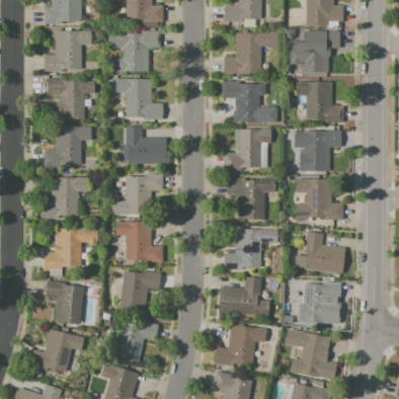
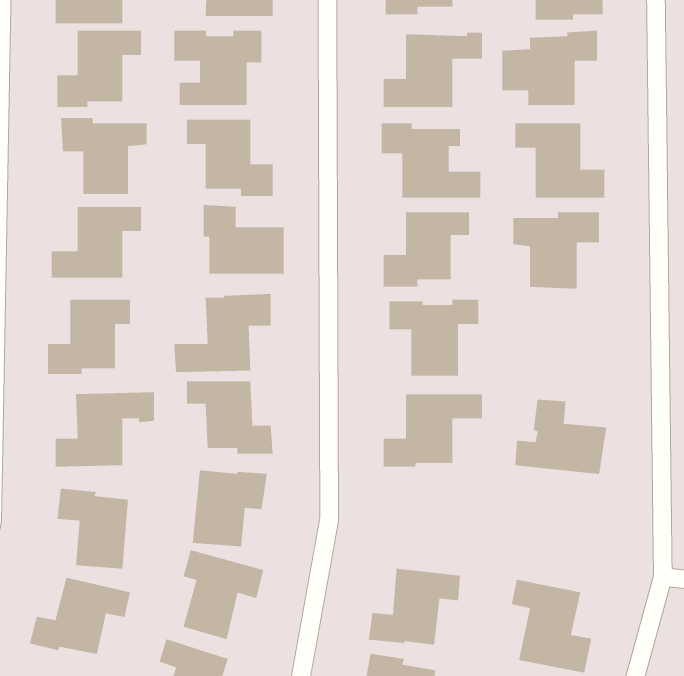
building: [295,179,343,220] -> none
building: [217,276,267,316] -> none
building: [295,282,341,323] -> none

